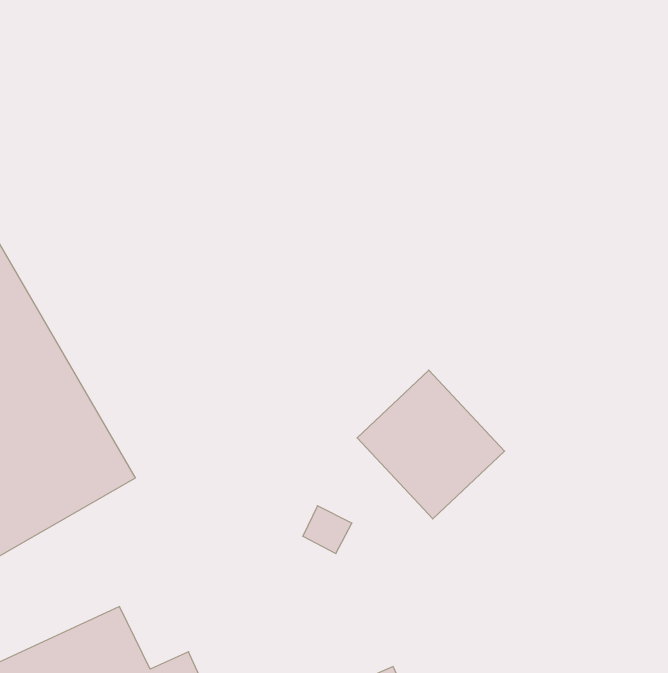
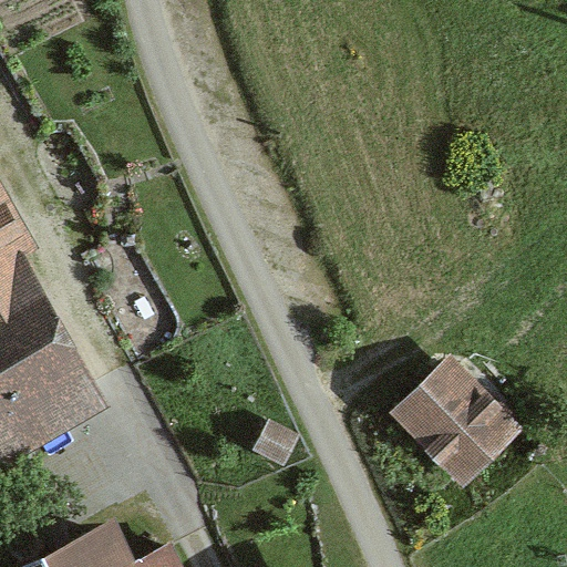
building: [357,370,505,519] -> [393,363,516,487]

